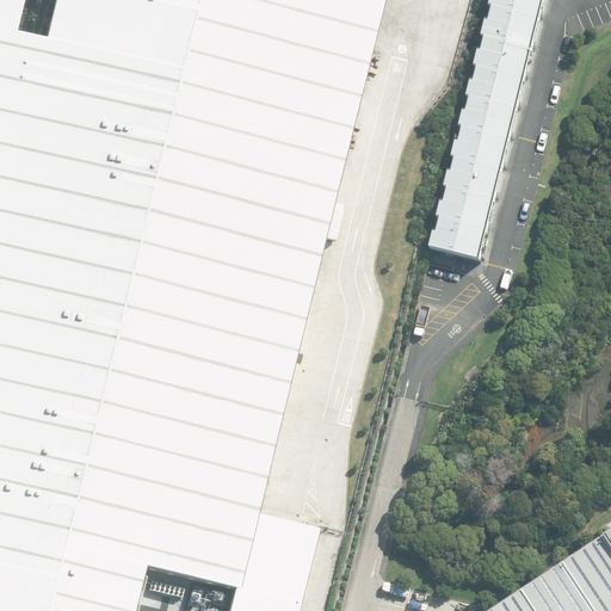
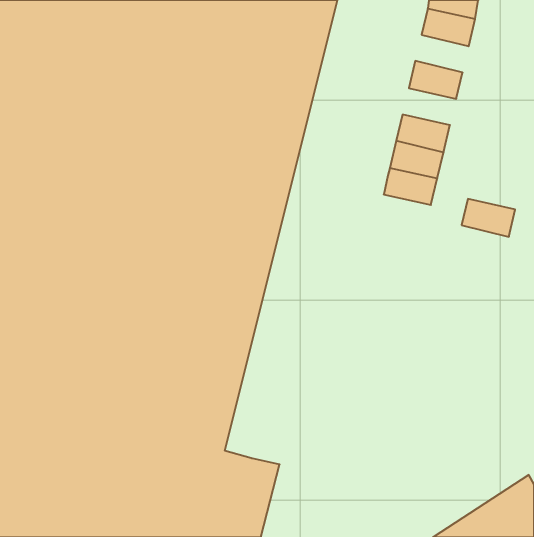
building: [471,39,532,82] -> none
building: [457,100,518,142] -> none
building: [428,221,489,264] -> [462,199,515,237]

